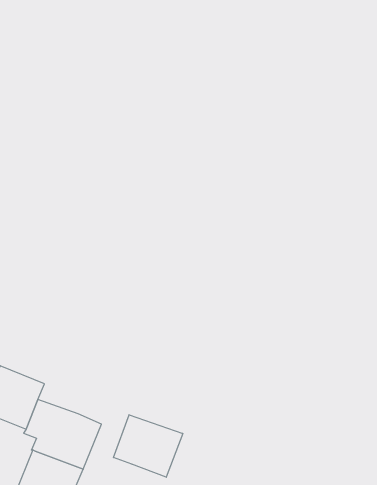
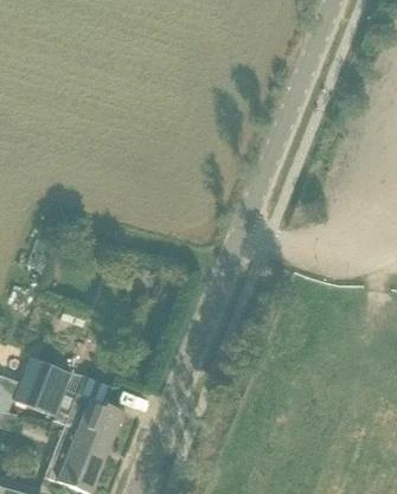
building: [114,415,183,477] -> none

